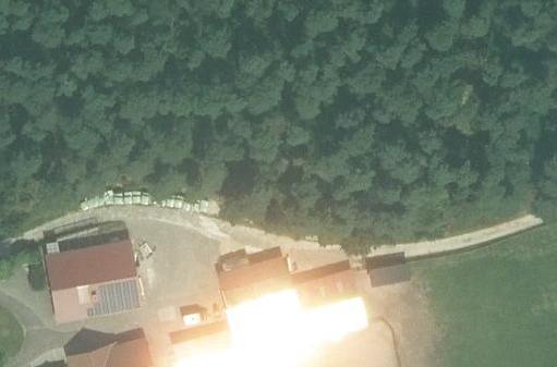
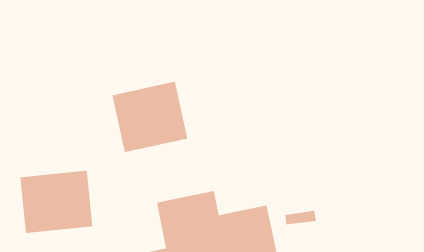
building: none -> [112,81,188,153]

